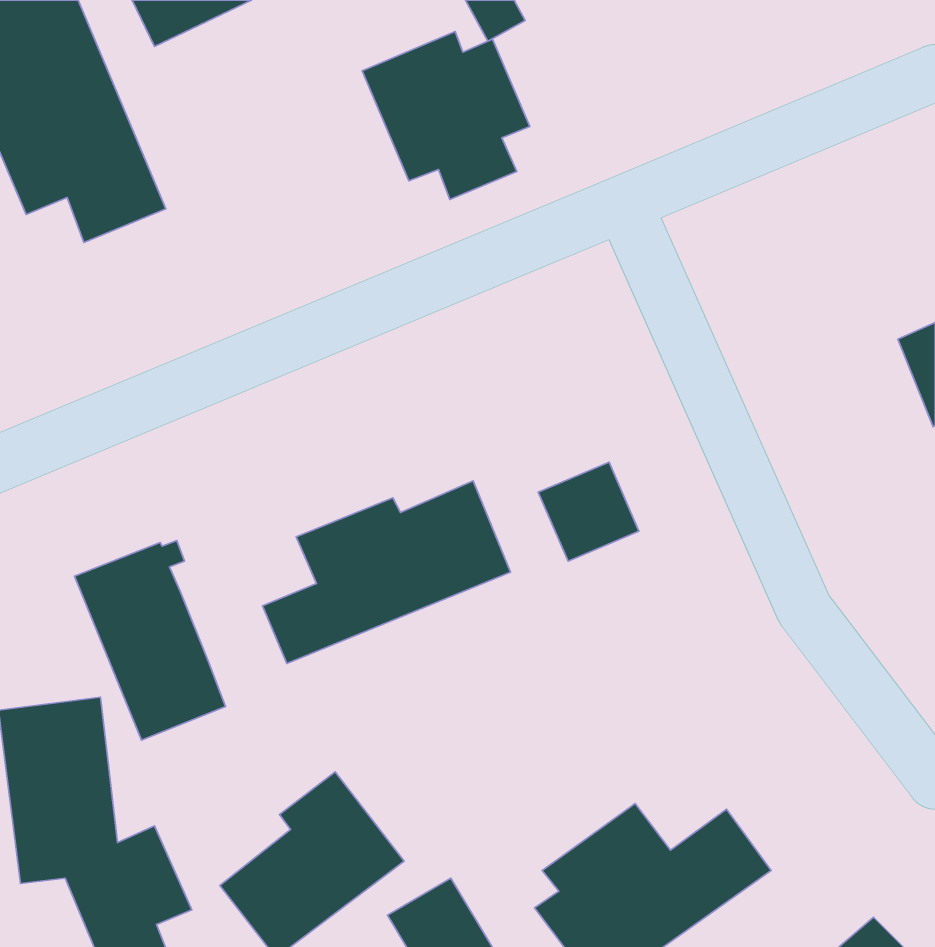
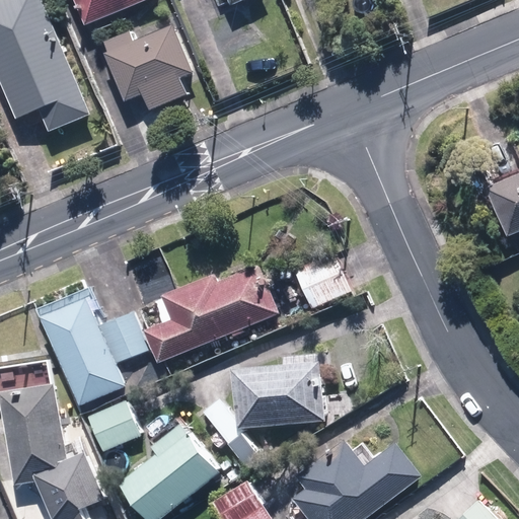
building: [362,32,530,199] -> [98,21,190,113]
building: none -> [98,312,147,363]
building: none -> [231,361,322,430]
building: none -> [86,401,140,453]

